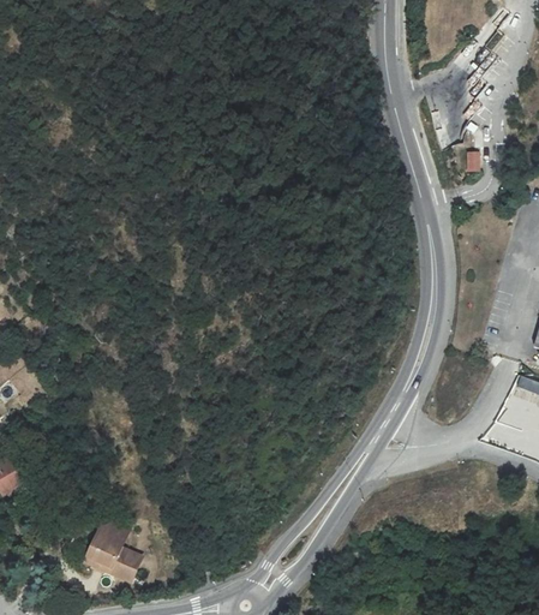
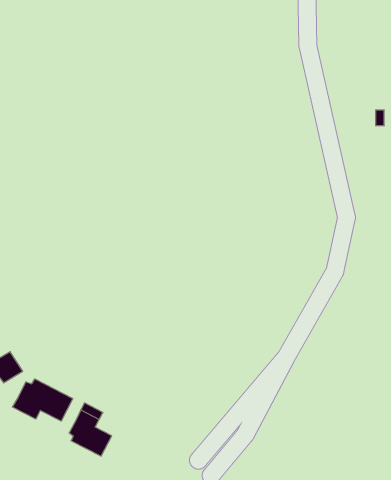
building: none -> [12,379,73,421]

